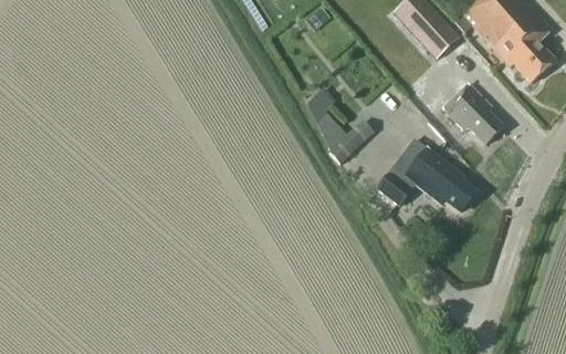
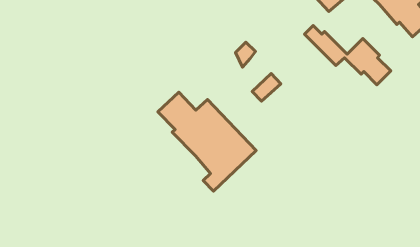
building: [378,138,475,211] -> none
building: none -> [158,92,256,191]

